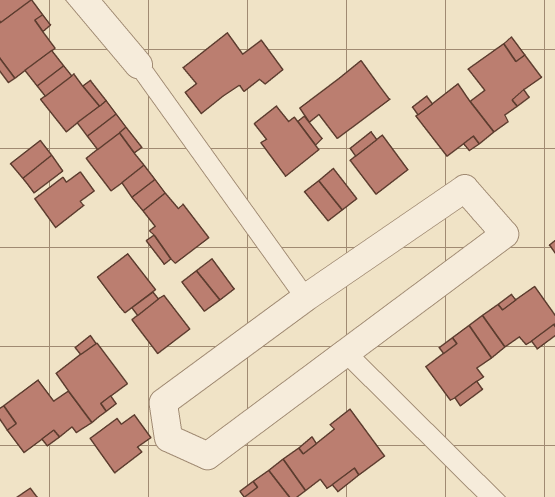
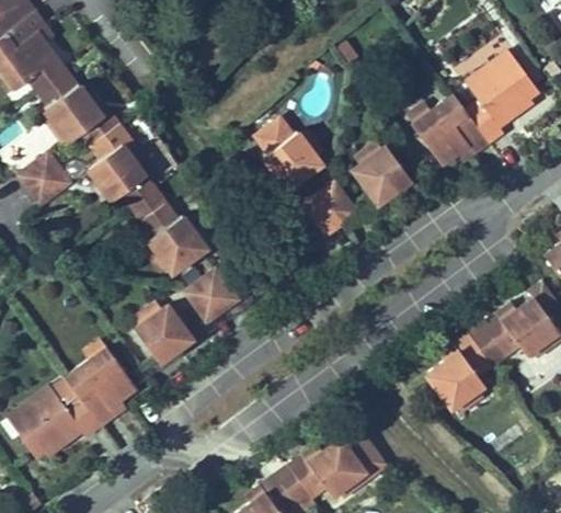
building: [183,33,283,114] -> none
building: [300,61,390,138] -> none
building: [35,172,94,228] -> none
building: [98,254,155,313] -> none
building: [90,415,151,473] -> none

